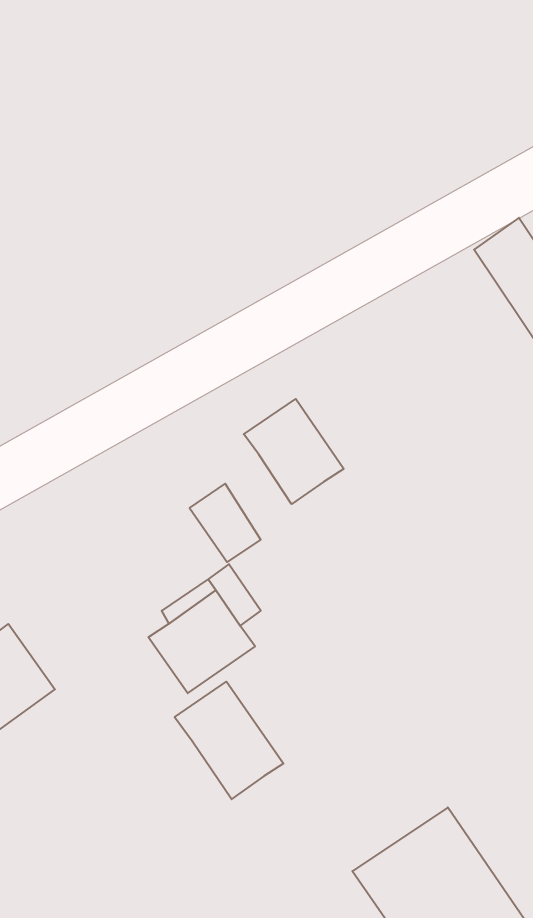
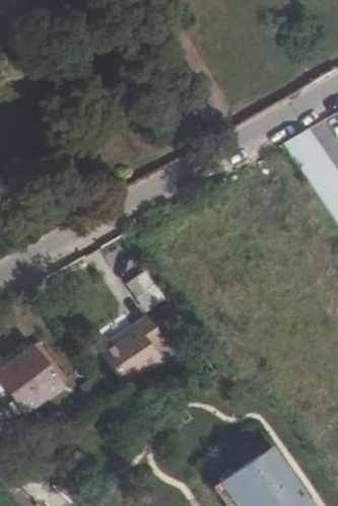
building: [244,399,344,504] -> none
building: [175,682,283,799] -> none

